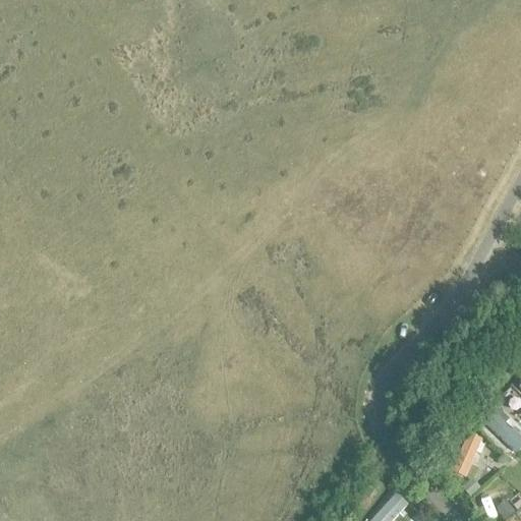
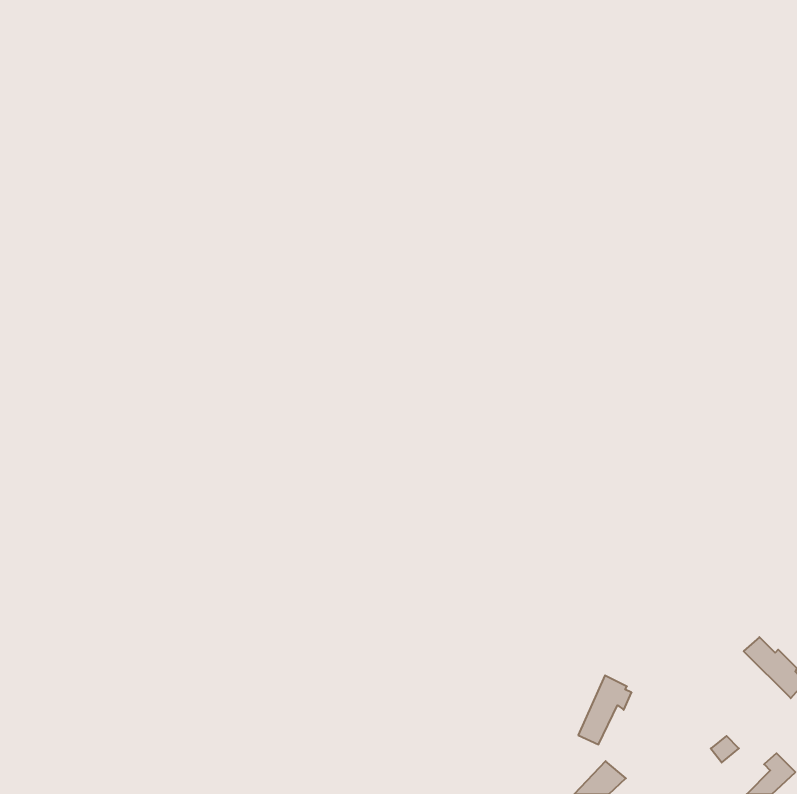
building: [451,433,485,478] -> [578,675,632,744]

